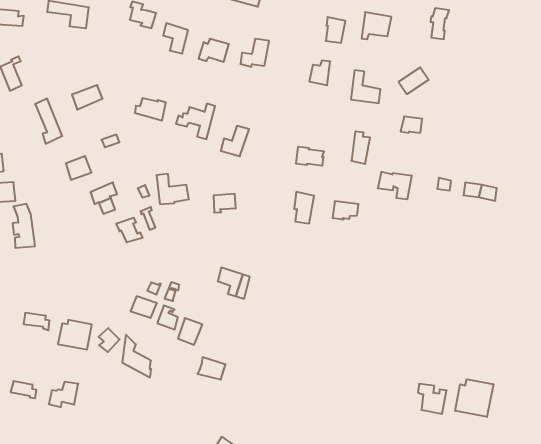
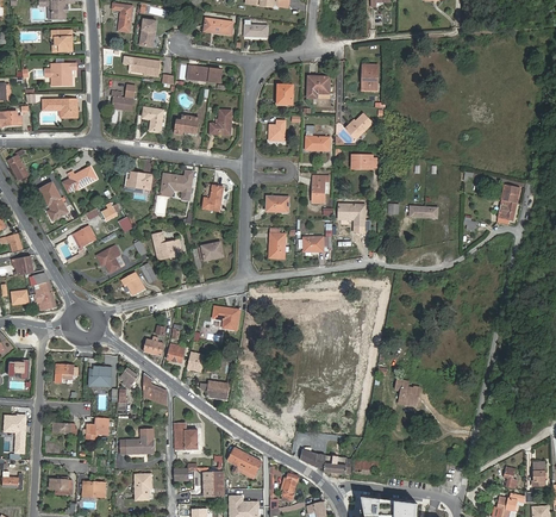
building: [455,379,493,417] -> none
building: none -> [174,424,198,450]
building: none -> [123,430,155,454]

